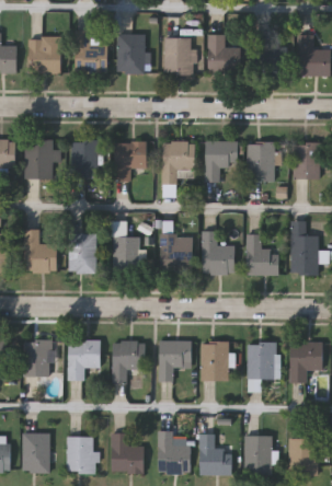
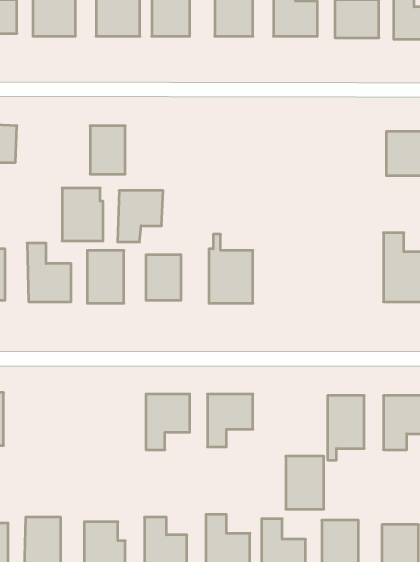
building: [25,139,56,178] -> [62,188,103,241]
building: [162,141,194,182] -> none
building: [205,141,238,182] -> none
building: [114,142,148,181] -> [118,191,163,242]
building: [247,142,275,181] -> none
building: [203,231,236,271] -> none
building: [247,233,278,270] -> none
building: [24,339,51,375] -> none
building: [68,339,100,380] -> none
building: [201,340,229,380] -> [286,456,324,509]

